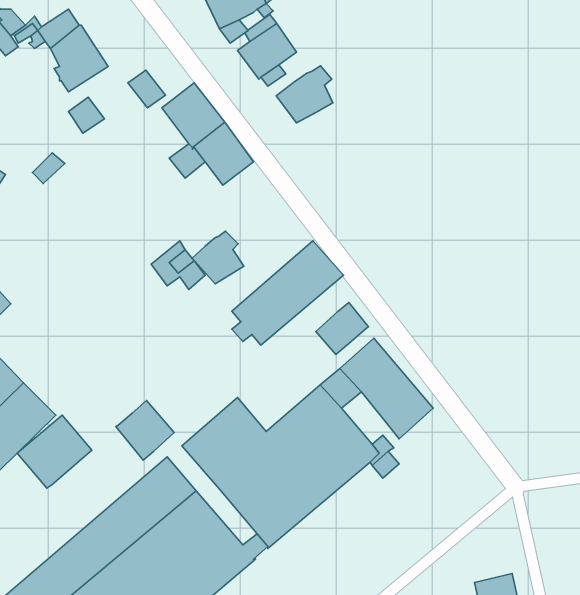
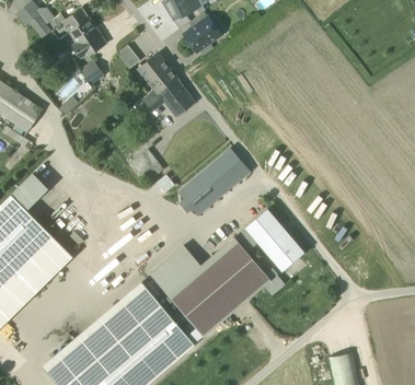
building: [276,66,333,123] -> none
building: [192,231,244,284] -> none
building: [316,302,368,355] -> none
building: [116,401,174,460] -> none
building: [17,415,92,488] -> none

